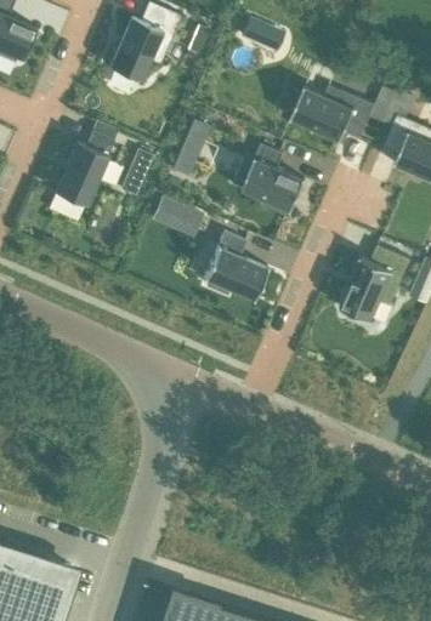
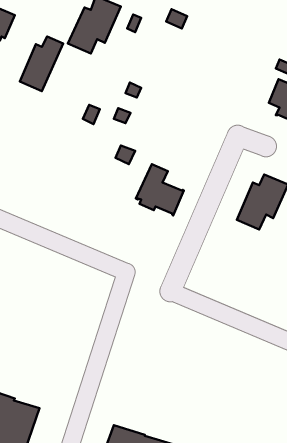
building: [288,85,375,142] -> none
building: [55,131,114,206] -> [20,36,63,91]
building: [231,144,305,215] -> none

